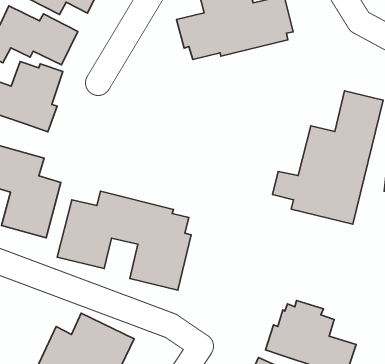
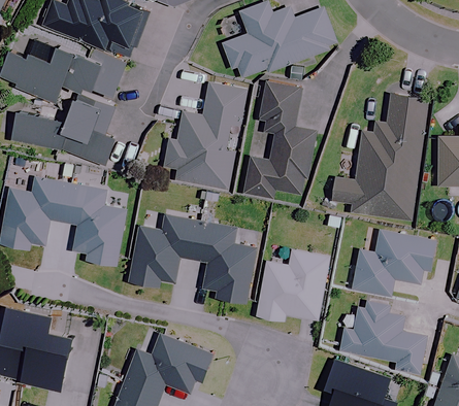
building: none -> [161,81,248,190]
building: none -> [244,80,316,199]
building: none -> [353,230,435,296]
building: none -> [257,246,329,320]

